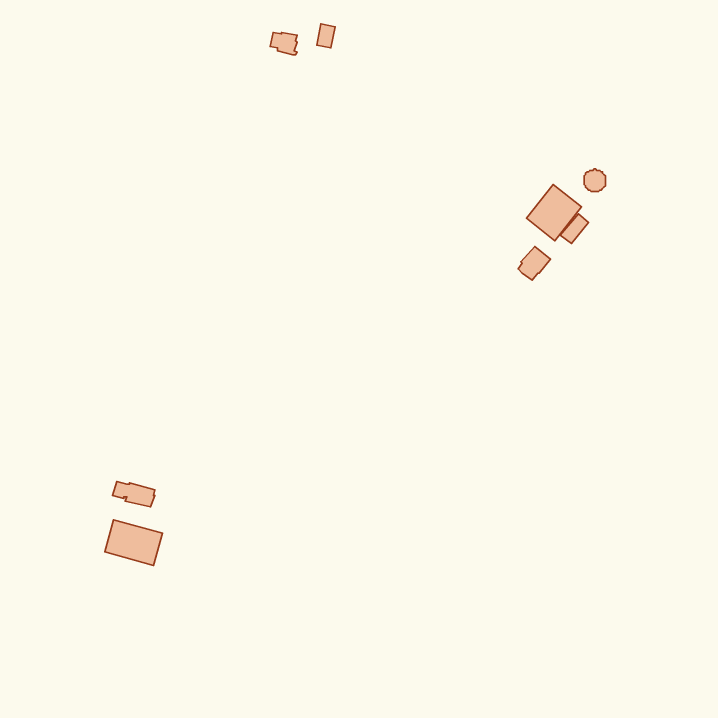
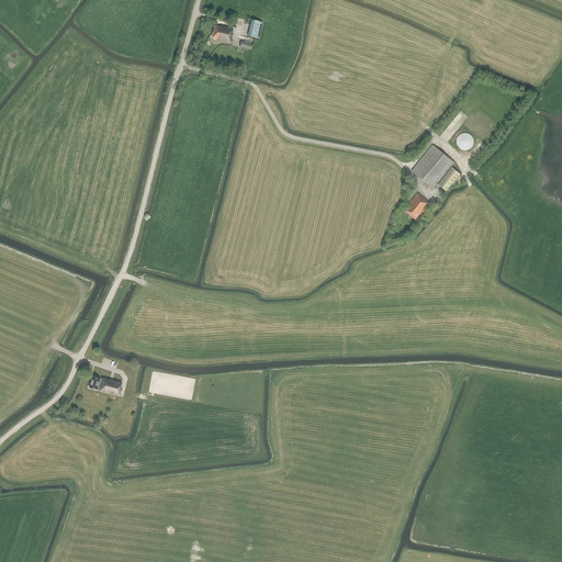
building: [105,520,162,566] -> none

